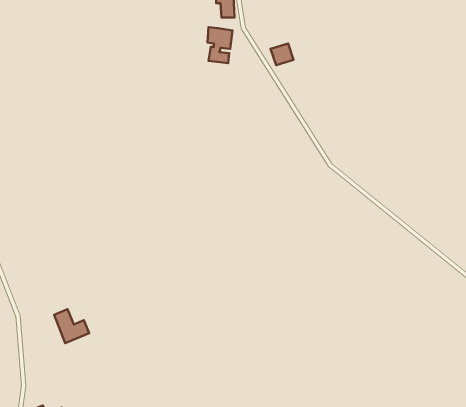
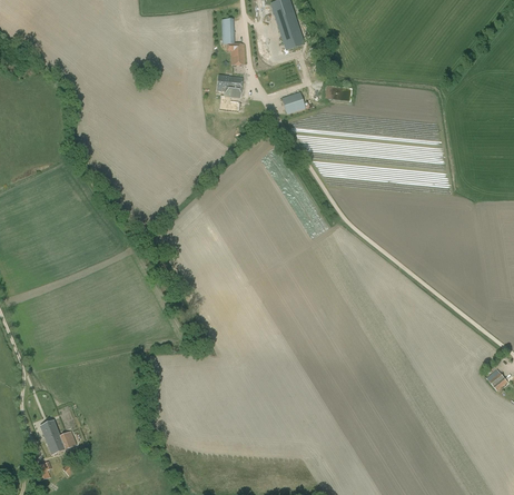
building: [54,309,89,343] -> [40,419,76,454]

